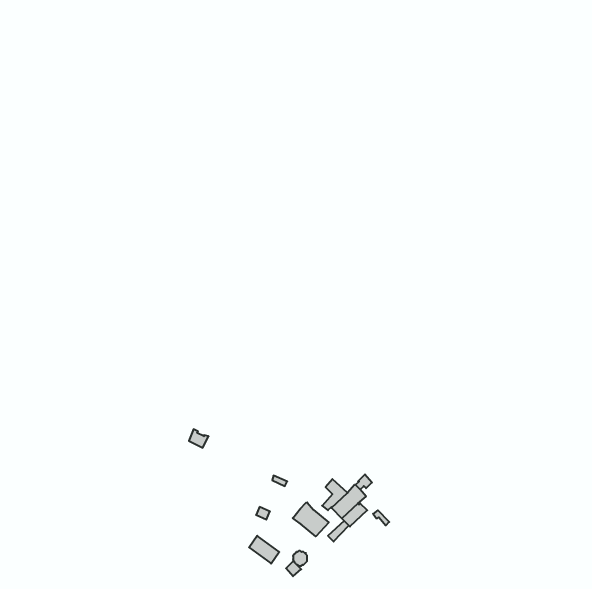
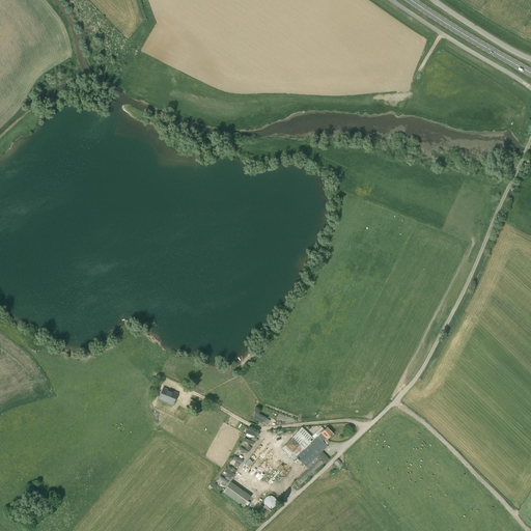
building: [293,502,329,536] -> none

